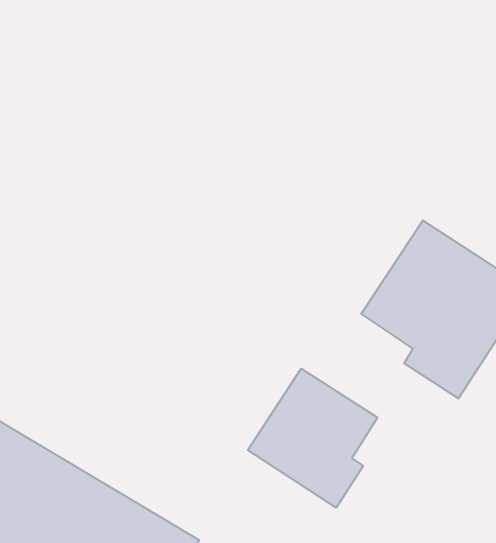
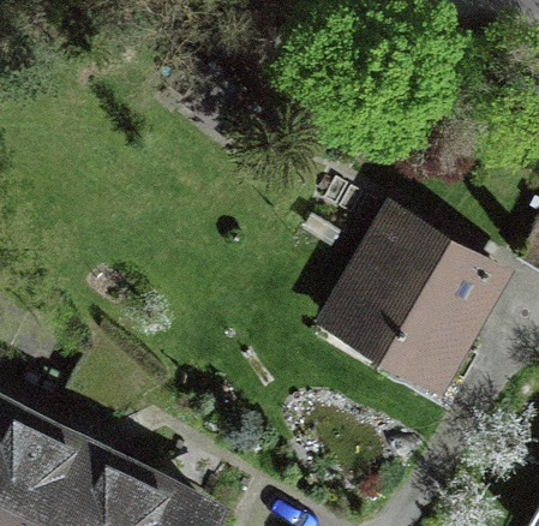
building: [248,369,377,508] -> none

